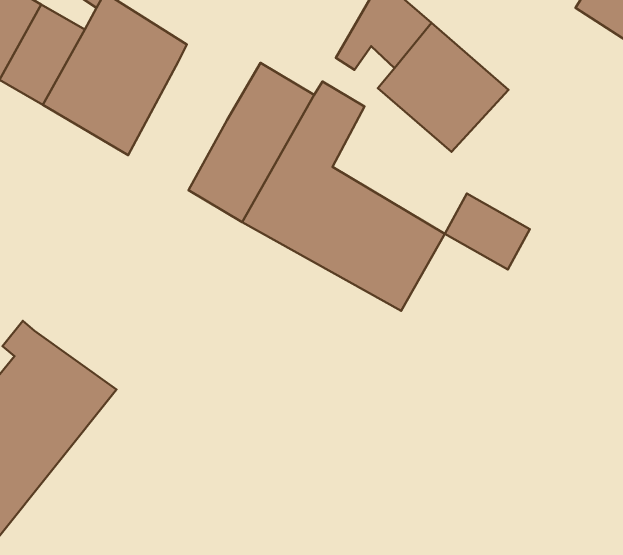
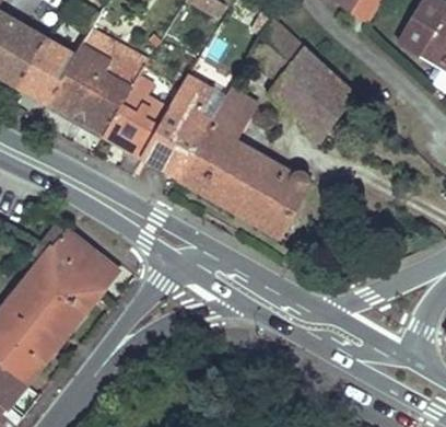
building: none -> [107,73,172,158]
building: [445,193,530,269] -> none
building: none -> [38,230,114,288]

